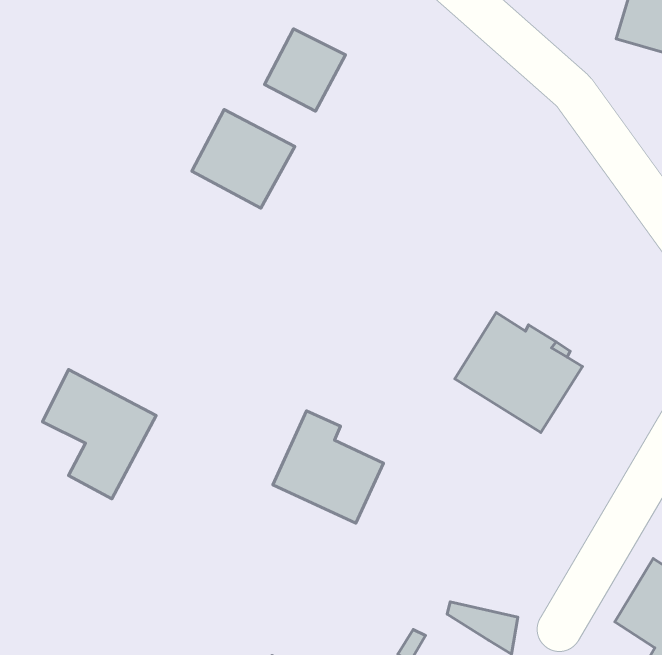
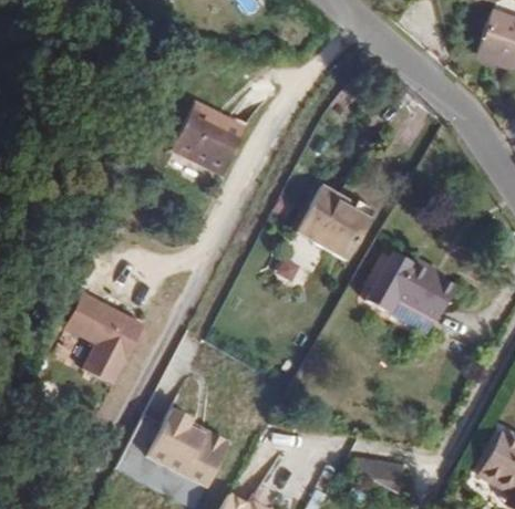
building: [265,29,345,111] -> none
building: none -> [298,186,379,261]
building: [273,411,384,523] -> [146,406,226,487]

